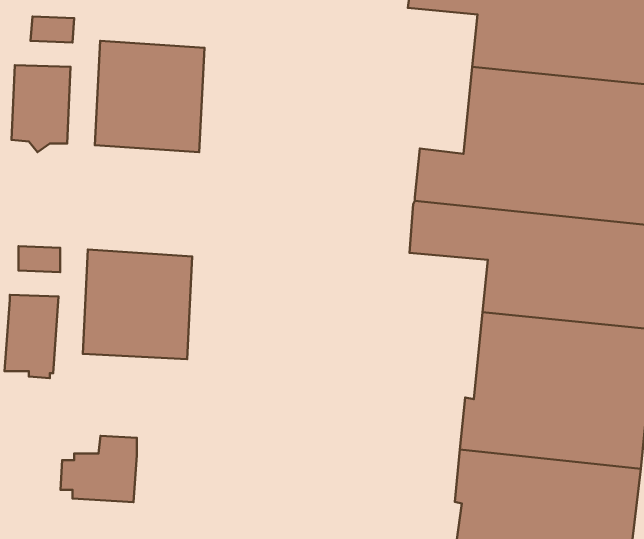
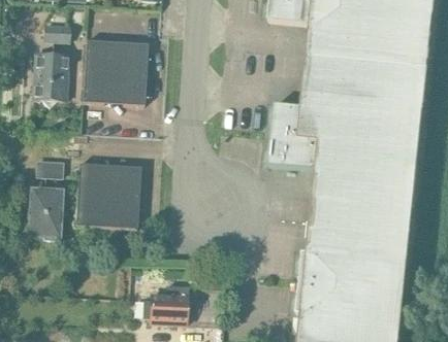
building: [60,436,137,502] -> [142,284,188,323]

